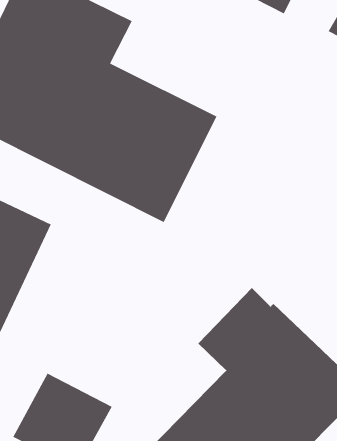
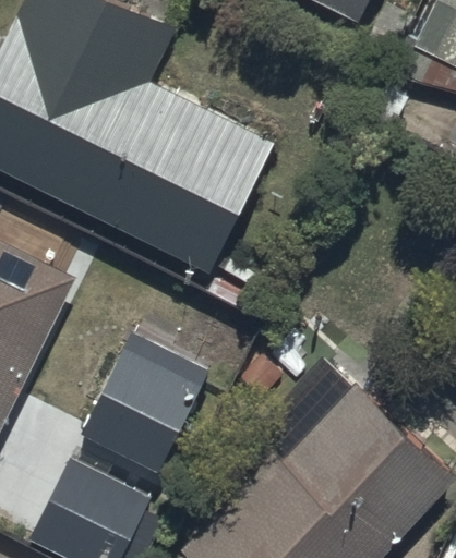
building: none -> [79,333,212,476]

